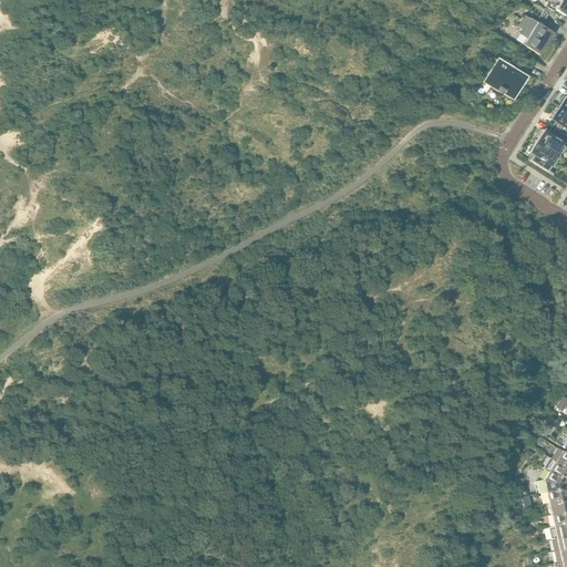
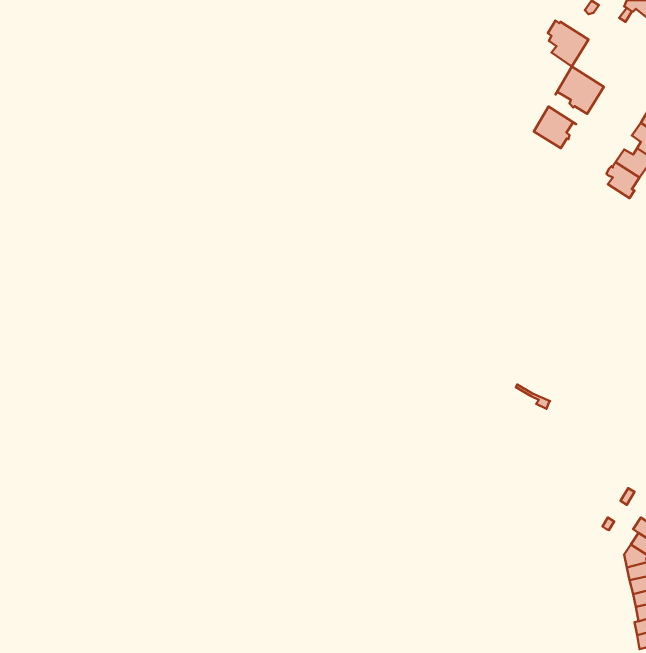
building: [522,16,557,55] -> [548,20,589,66]
building: none -> [534,107,576,148]

